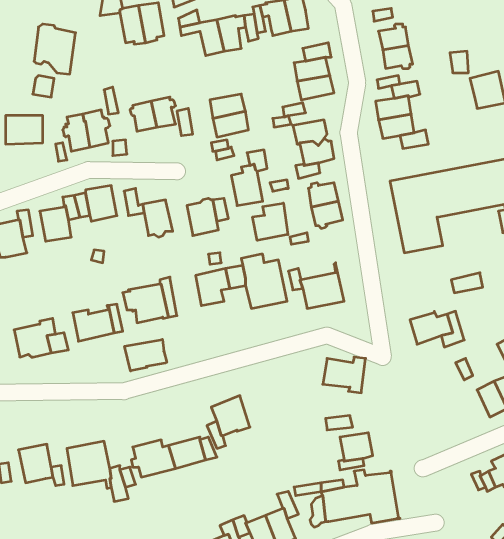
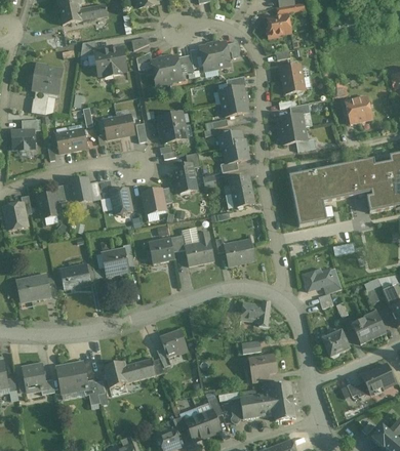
building: [253,203,288,240] -> none
building: [125,339,167,371] -> none
building: none -> [322,329,349,358]

